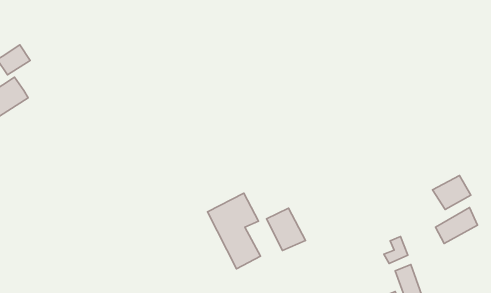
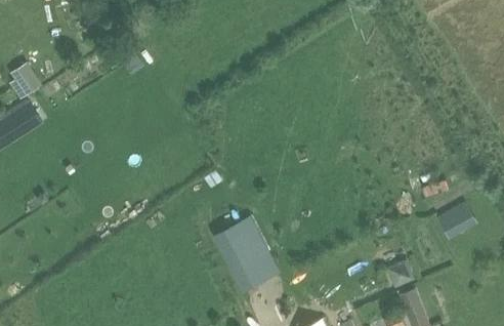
building: [436,208,478,244] -> none
building: [267,208,305,250] -> none

